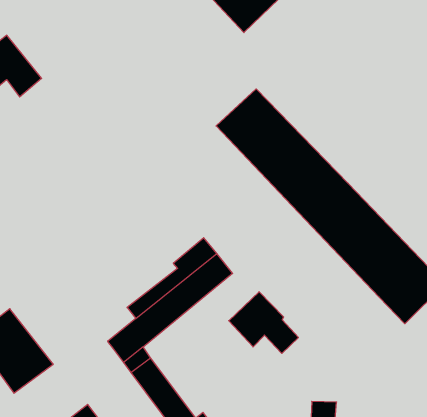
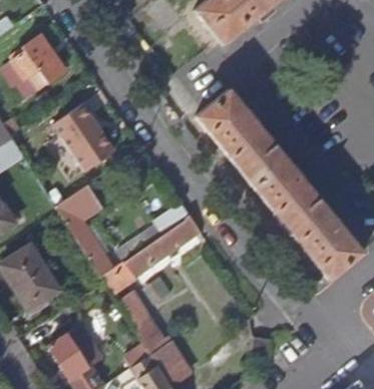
building: none -> [54,104,116,170]
building: none -> [57,184,114,277]
building: [229,292,298,353] -> none

